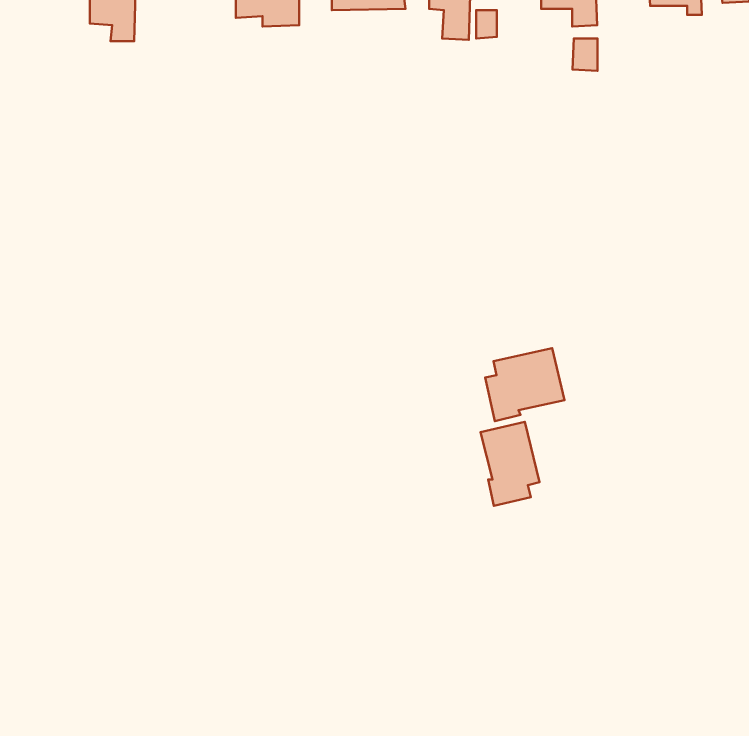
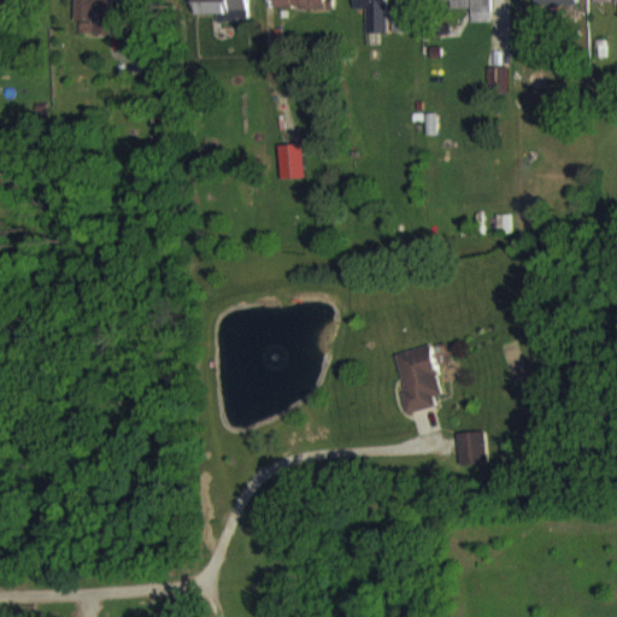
building: [572,38,597,71] -> [484,66,505,93]
building: none -> [277,143,302,178]
building: [485,348,564,421] -> none
building: none -> [456,430,484,465]

